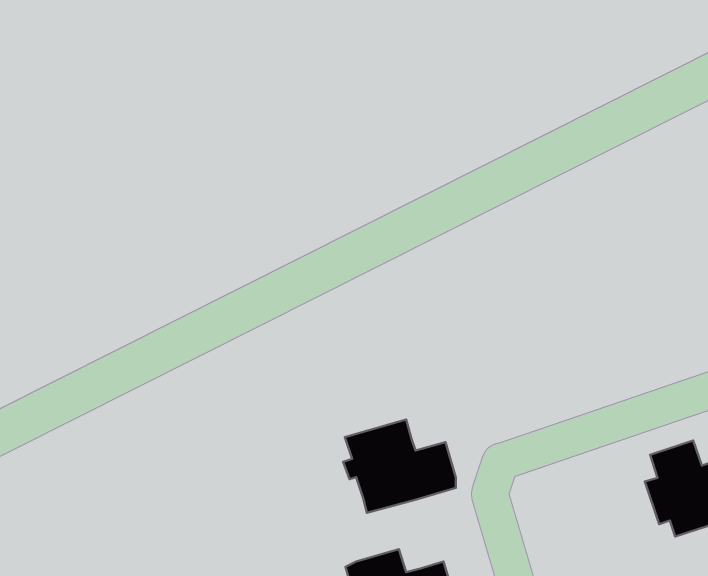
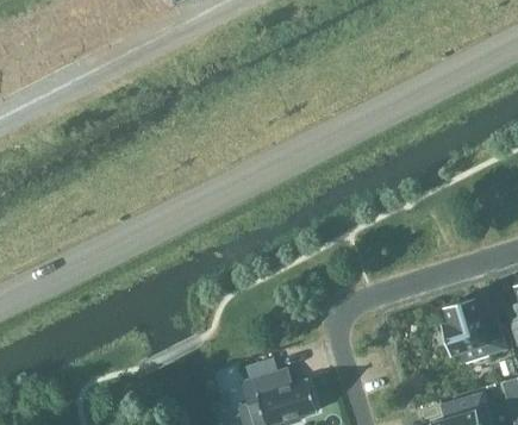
building: [343,419,456,513] -> none

